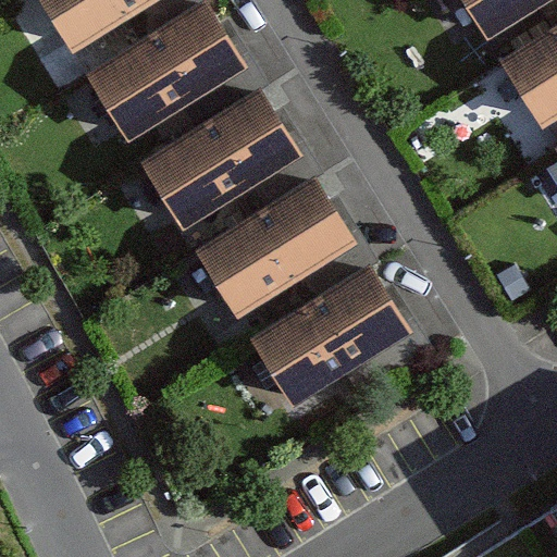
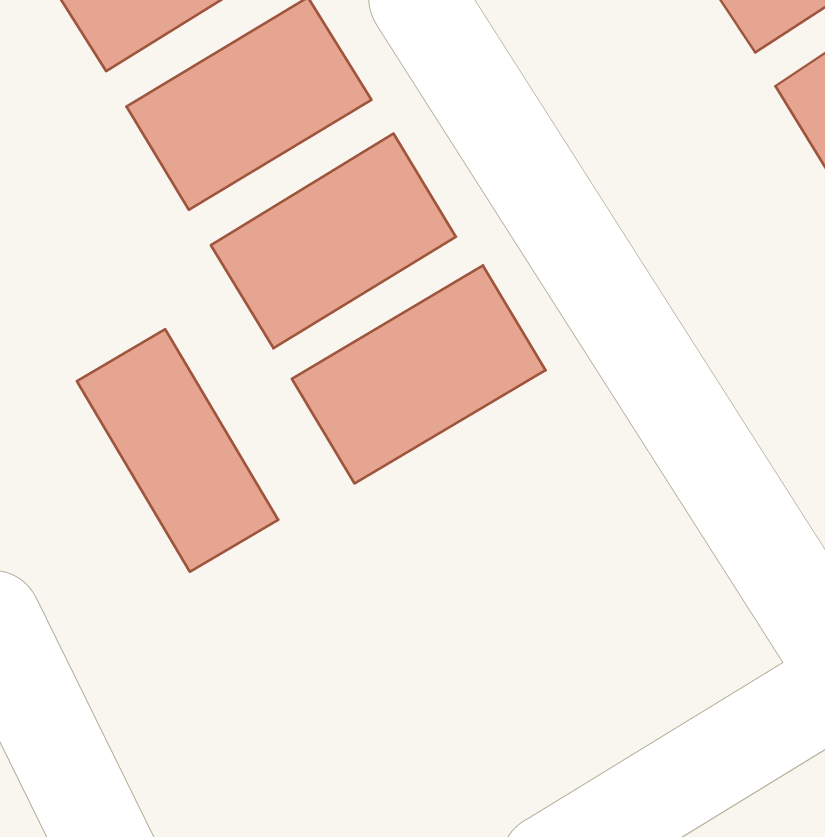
building: none -> [77,329,278,572]
building: [249,264,410,404] -> none

